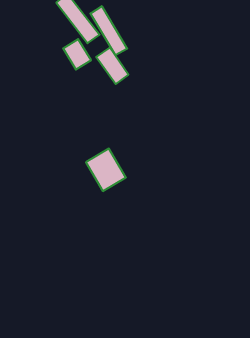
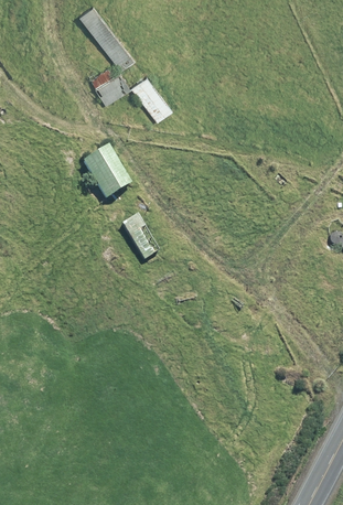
building: [90,6,127,55] -> none
building: none -> [77,144,130,202]

